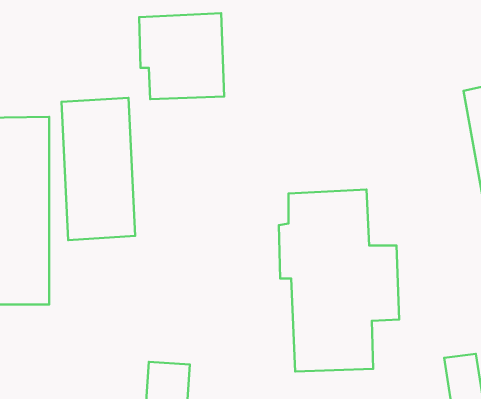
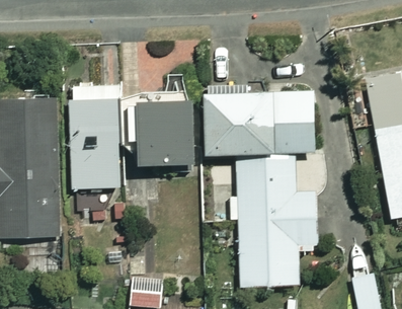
building: [139,13,224,99] -> [135,101,197,165]
building: none -> [207,92,316,155]

